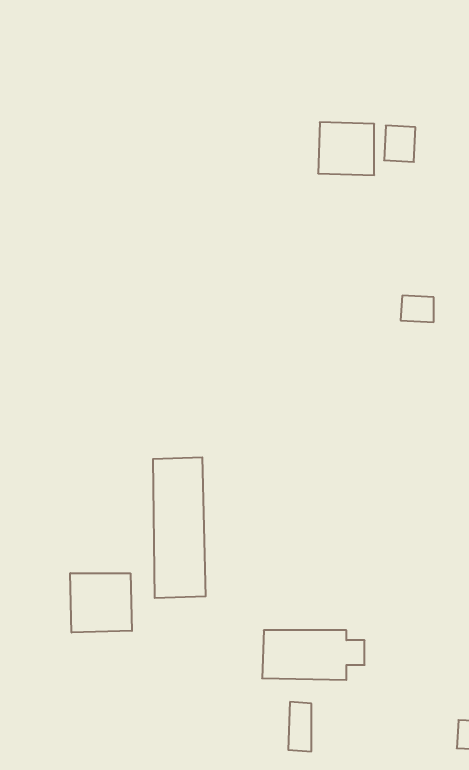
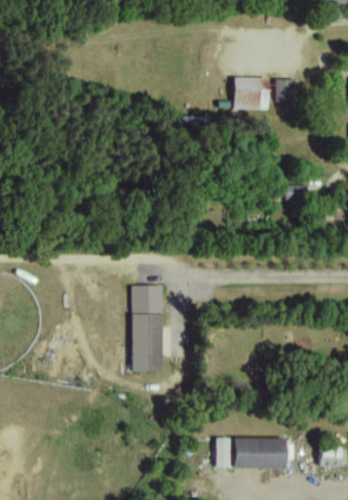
building: [70,573,132,633] -> none
building: [262,630,365,680] -> [233,437,297,468]

